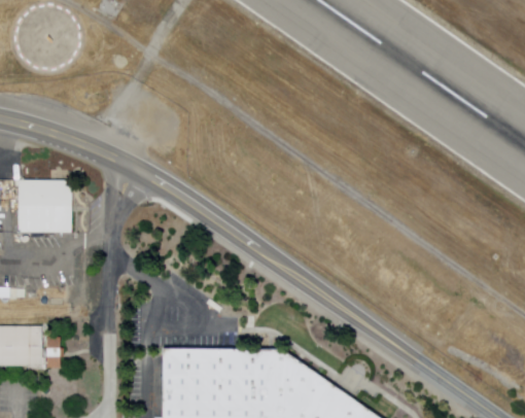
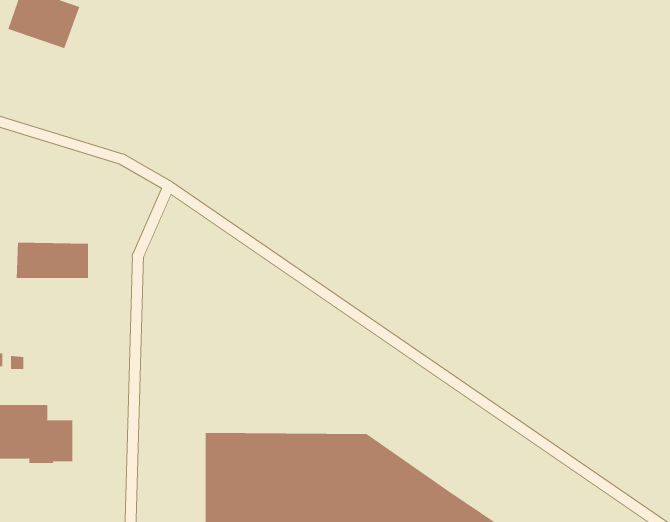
building: [21,181,74,208] -> none

